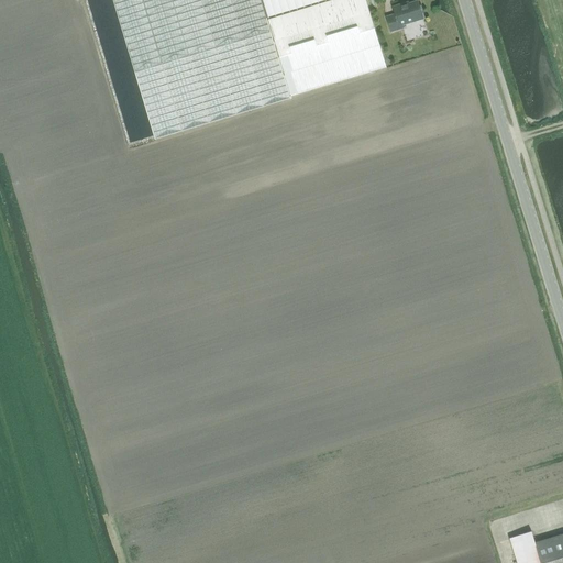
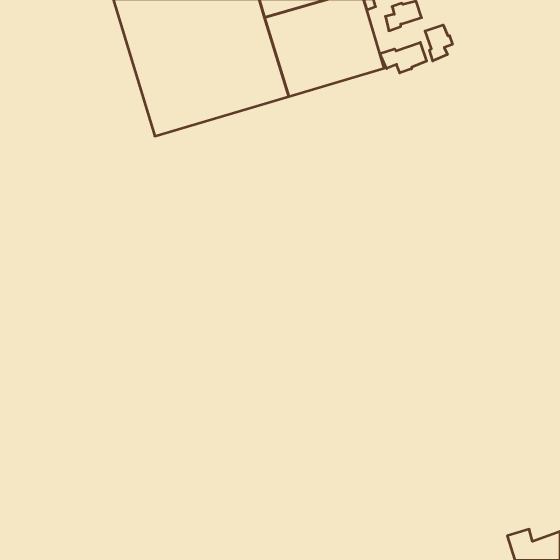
building: none -> [425,25,452,61]
building: none -> [380,42,427,73]

